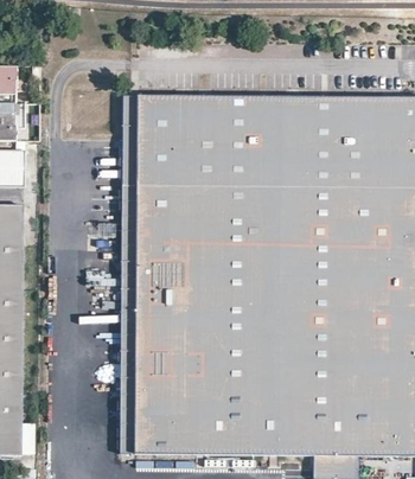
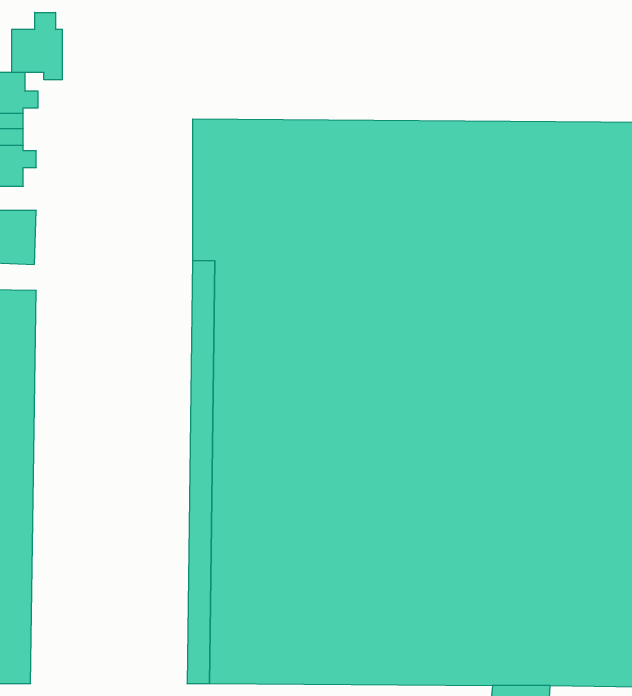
building: none -> [12,12,62,80]

